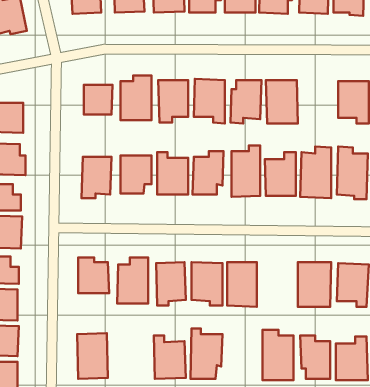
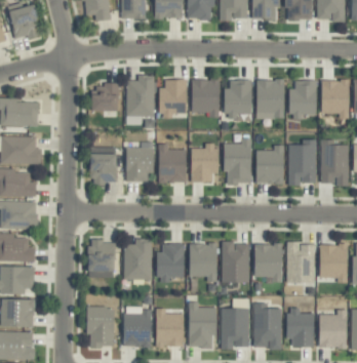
building: none -> [289,79,317,119]
building: none -> [254,243,283,281]
building: none -> [123,307,152,347]
building: none -> [221,308,248,349]

